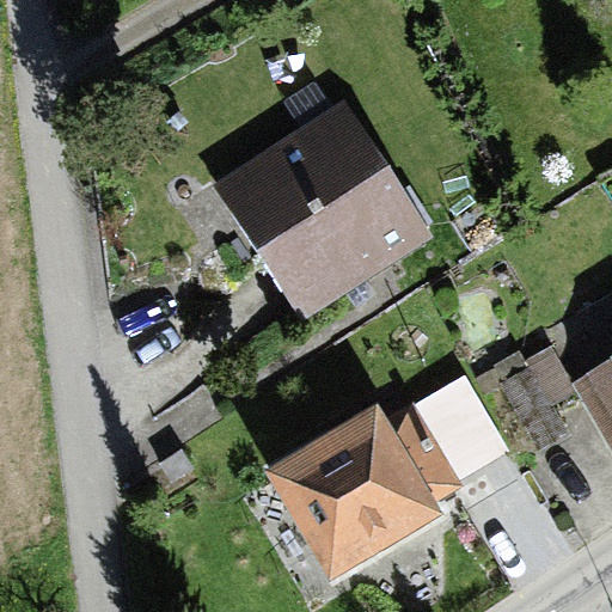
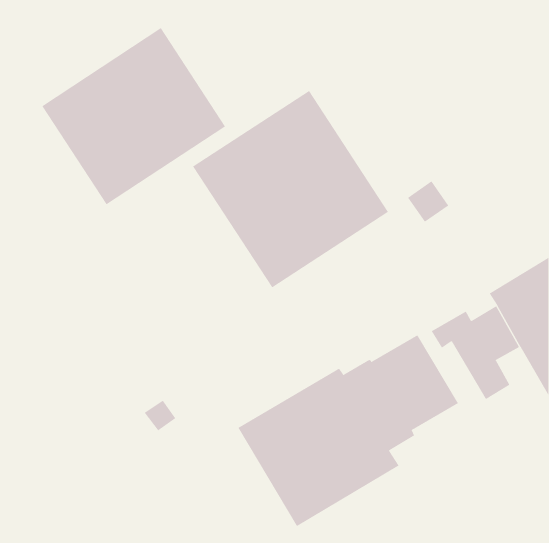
building: none -> [41,27,226,205]

